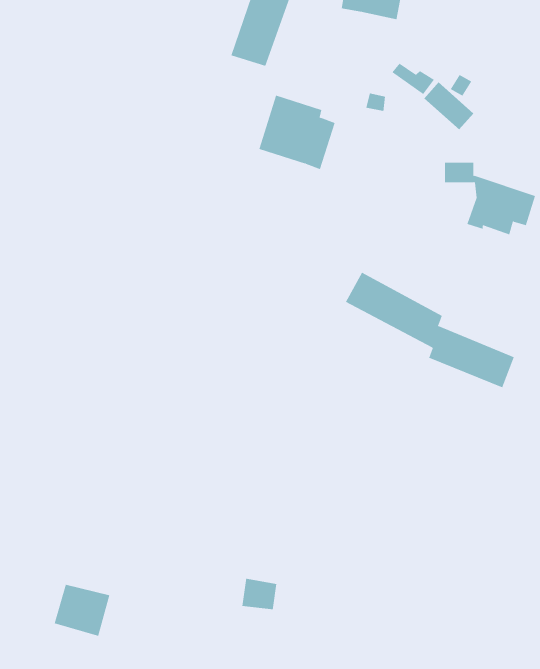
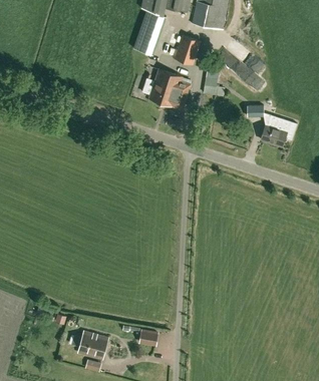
building: none -> [173,34,201,65]
building: [345,272,515,388] -> none
building: [54,584,110,637] -> [78,331,108,359]

